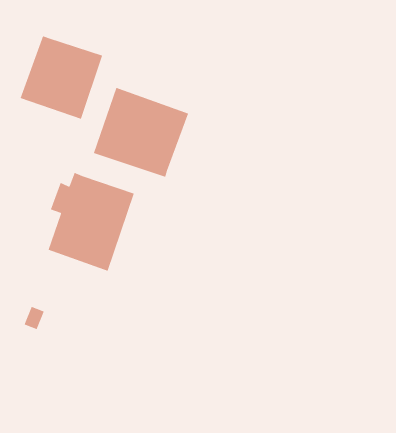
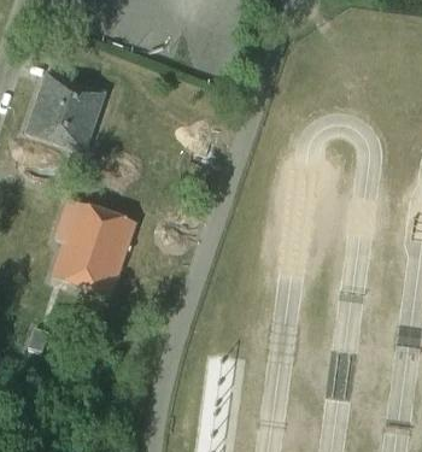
building: [93,87,189,178] -> none

